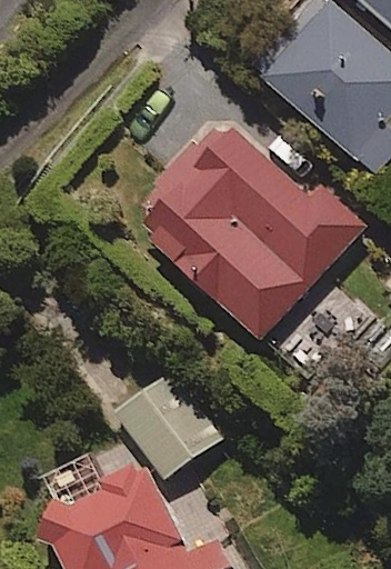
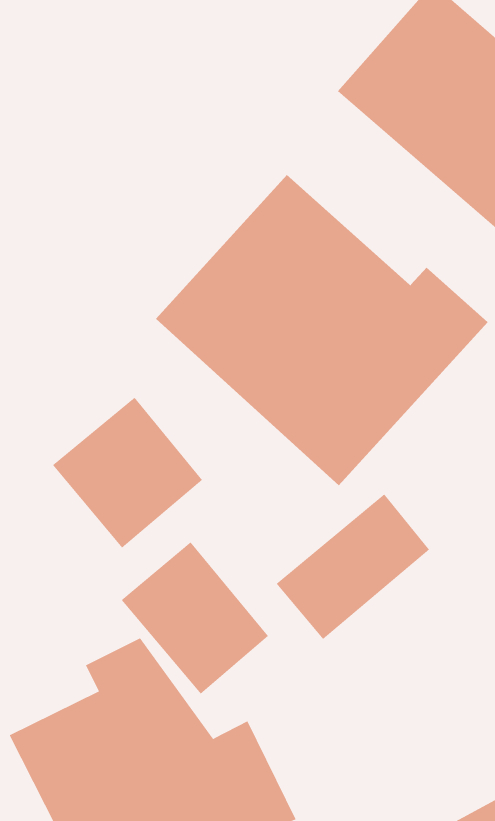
building: none -> [52,397,203,549]
building: none -> [276,494,430,640]

